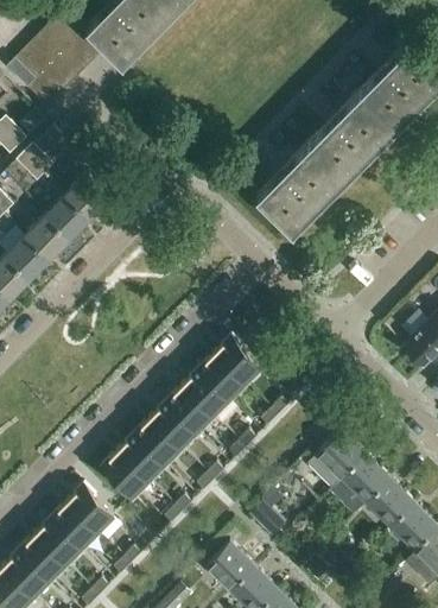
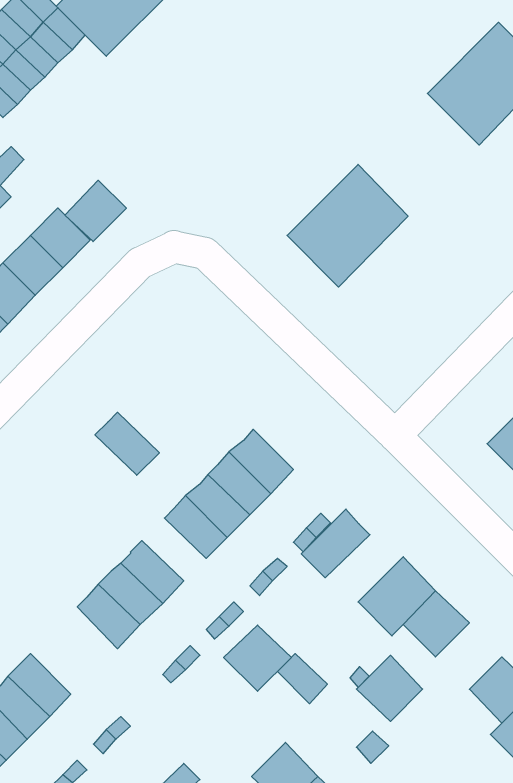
building: [309,90,398,180] -> none
building: none -> [65,180,126,242]
building: none -> [301,509,370,578]
building: [150,403,197,449] -> [95,412,159,475]
building: [366,480,414,528] -> [356,655,423,721]
building: [68,486,115,532] -> none
building: [205,544,255,593] -> [224,625,291,691]

